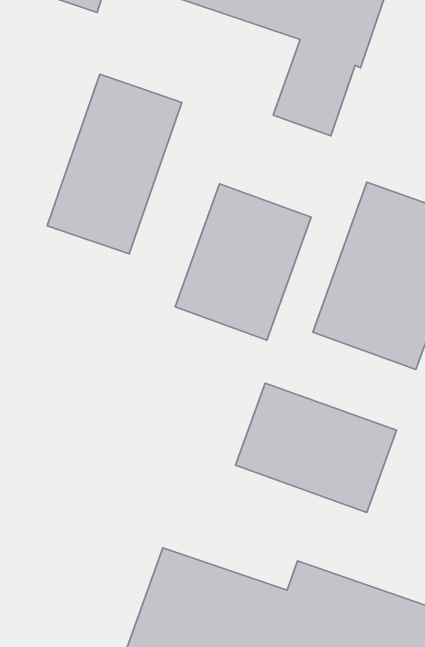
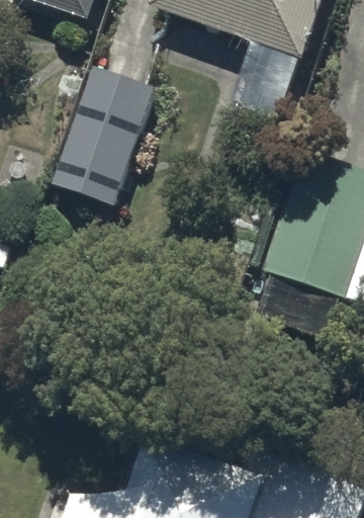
building: [175,184,311,340] -> none
building: [235,383,397,512] -> none

